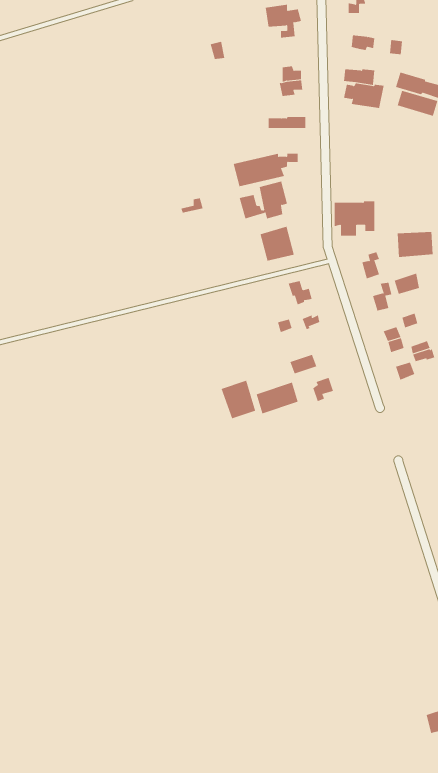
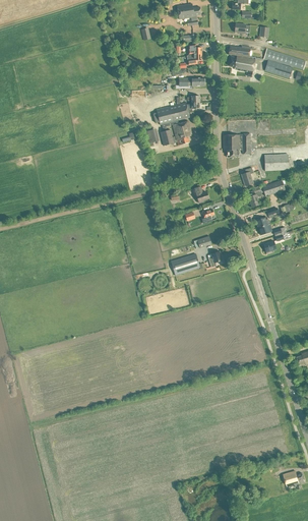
building: [260,226,295,261] -> none
building: [221,380,256,419] -> none

